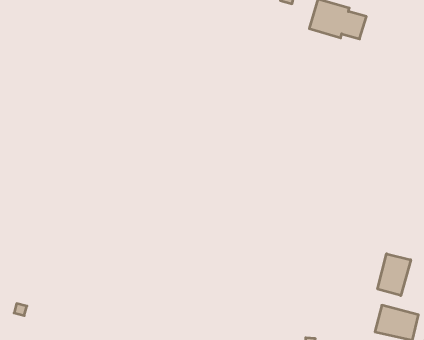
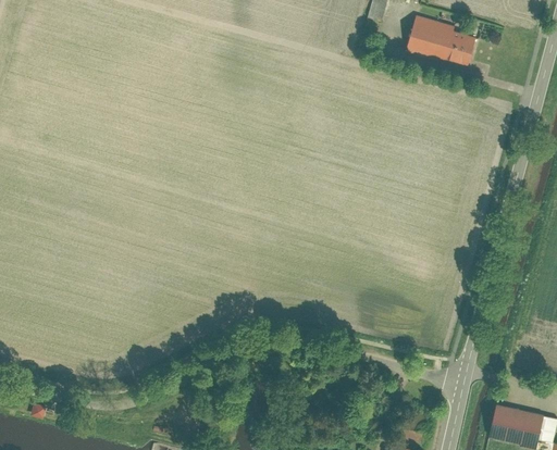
building: [378,254,411,296] -> none

